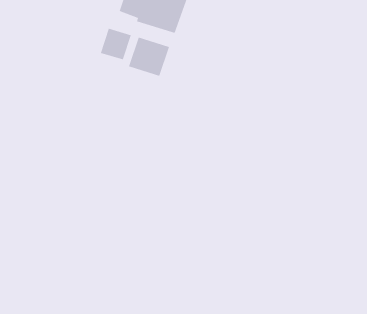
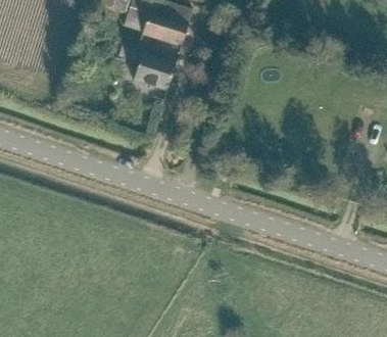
building: [100,28,131,60] -> none

